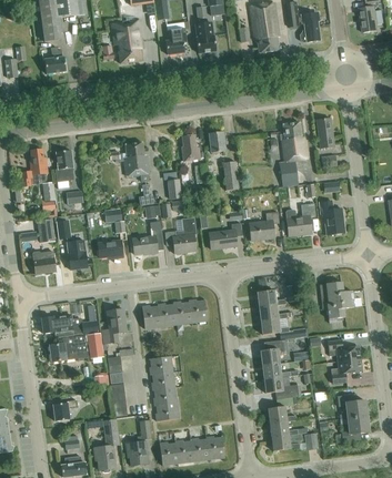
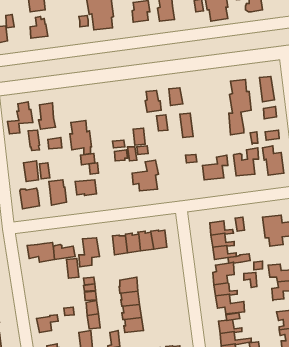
building: [123,141,149,181] -> [70,121,91,154]
building: [209,223,242,248] -> none
building: [132,227,163,254] -> none
building: [49,334,88,360] -> none

